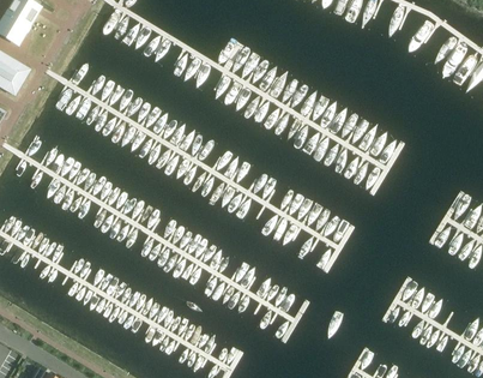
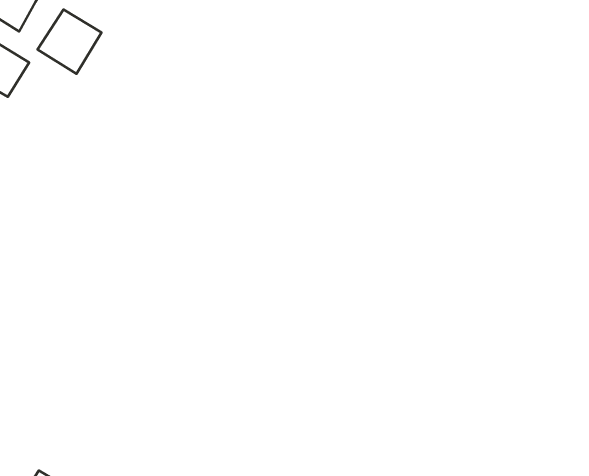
building: none -> [37,9,102,74]

